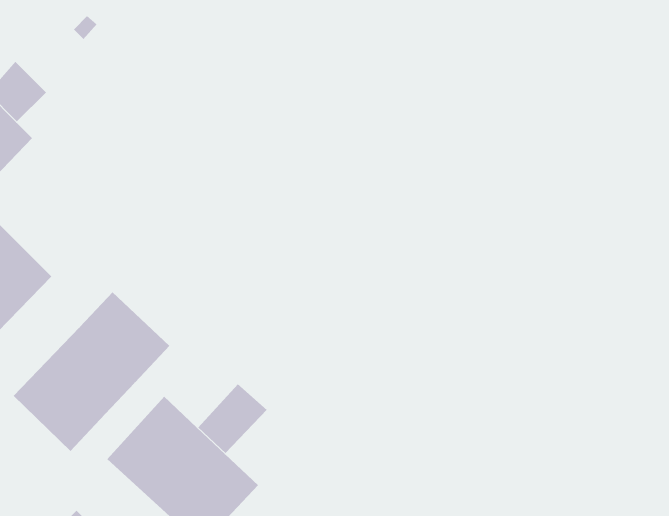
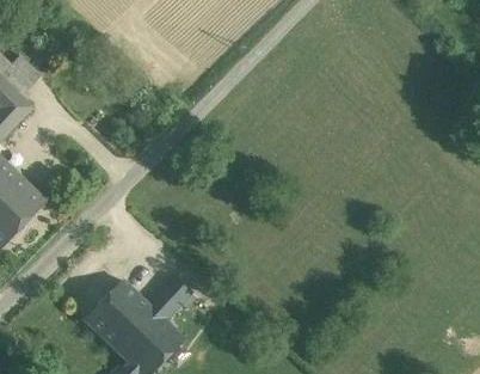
building: [13,292,170,452] -> none

